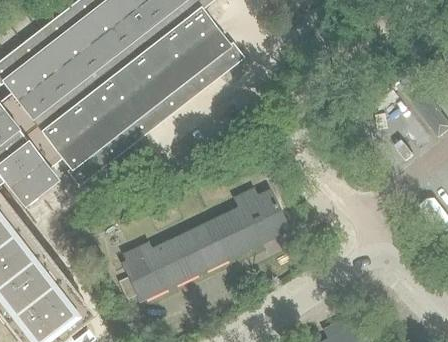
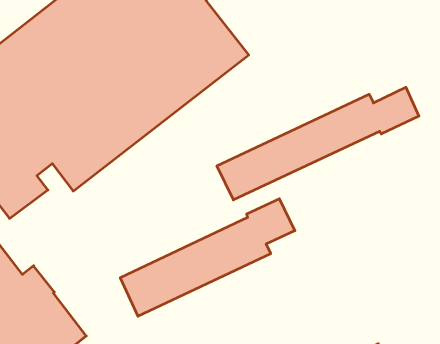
building: none -> [217,87,419,200]

